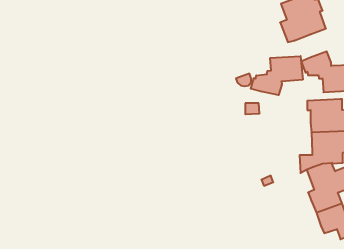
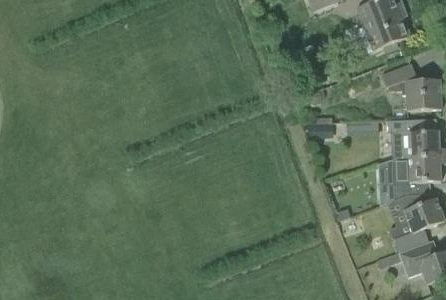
building: [251,56,303,95] -> none

